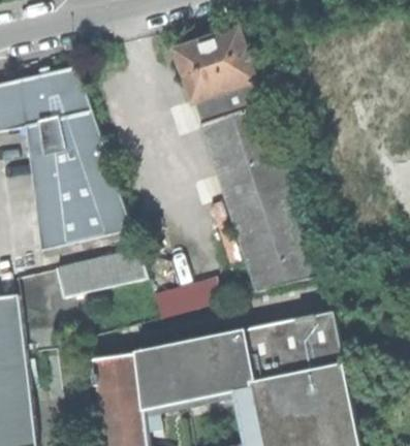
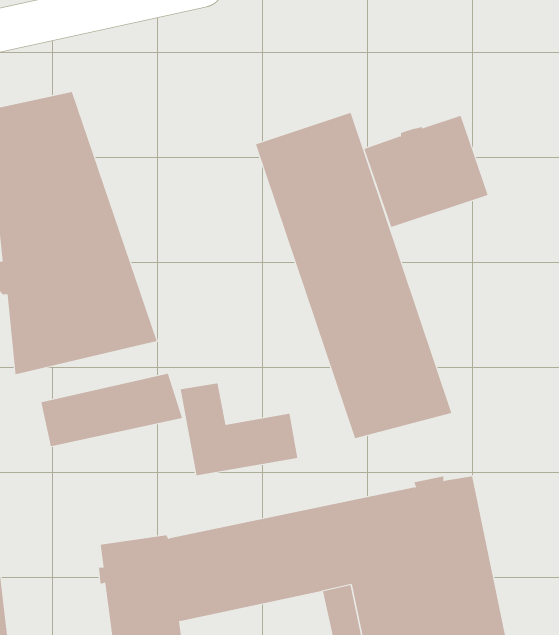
building: [174,30,254,102] -> [363,115,488,227]

